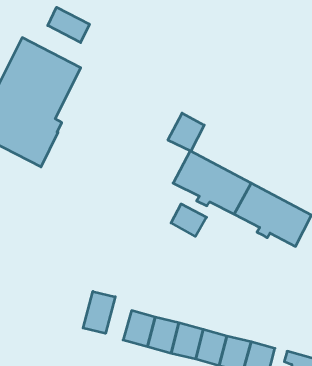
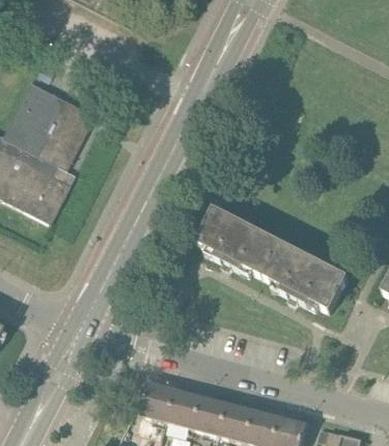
building: [48,7,89,43] -> none
building: [168,113,204,151] -> none
building: [171,204,207,236] -> none
building: [83,291,115,333] -> none

